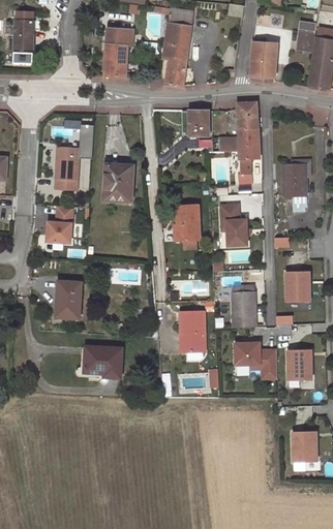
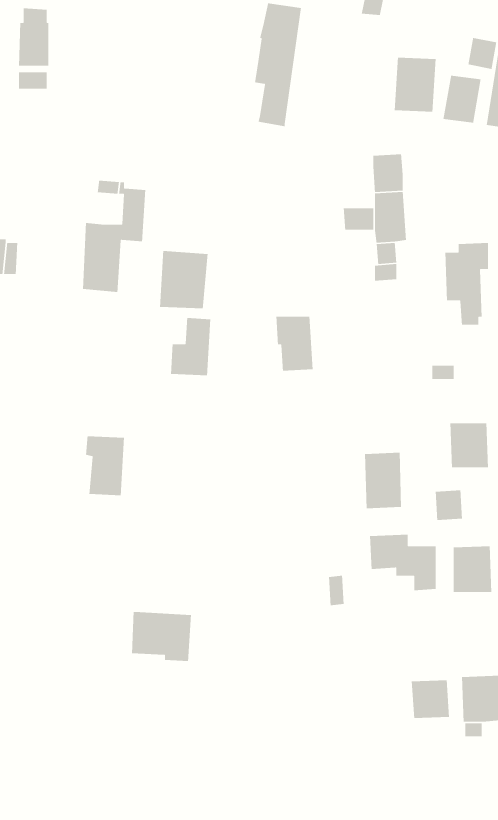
building: [104,27,132,76] -> none
building: none -> [443,75,482,124]
building: [188,110,208,135] -> none
building: [47,205,72,242] -> [170,317,211,376]
building: [219,205,247,246] -> none
building: [179,311,204,350] -> none
building: [83,345,121,377] -> [131,611,192,662]
building: none -> [411,679,450,719]

